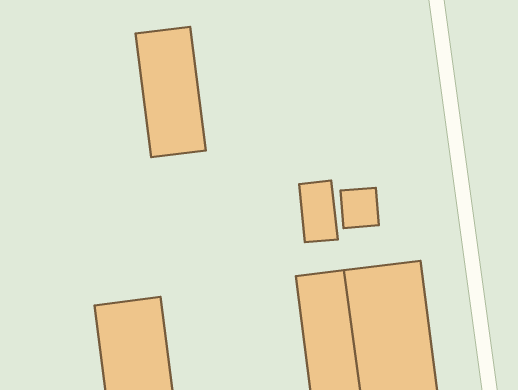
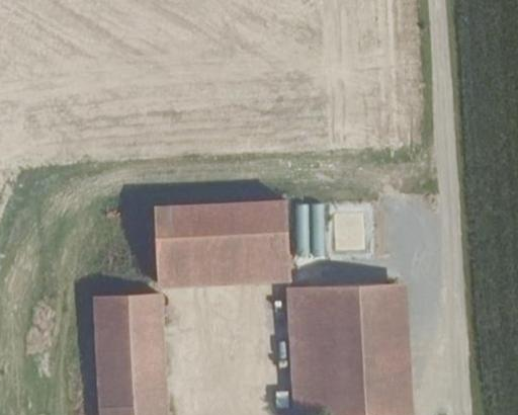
building: [136,27,206,157] -> none
building: none -> [154,201,293,285]

